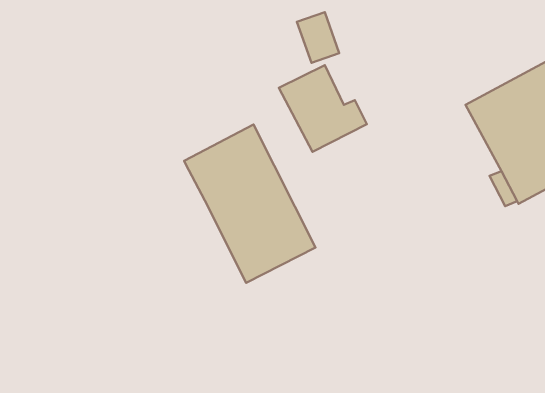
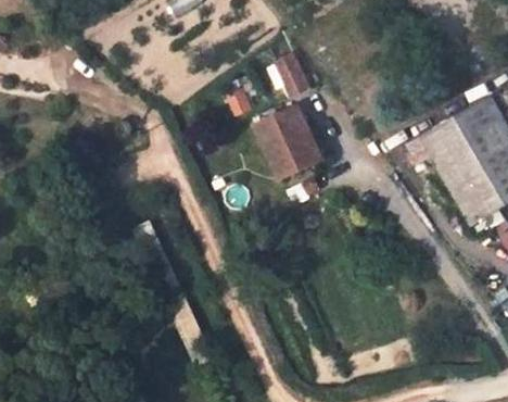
building: [184,125,315,283] -> none

